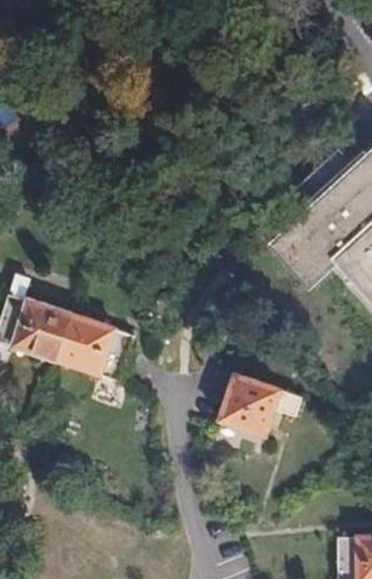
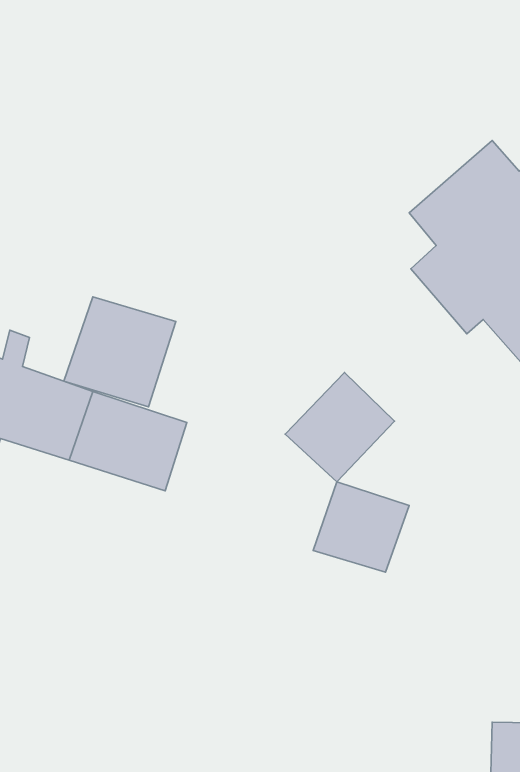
building: none -> [64,297,176,407]
building: none -> [285,373,394,482]

